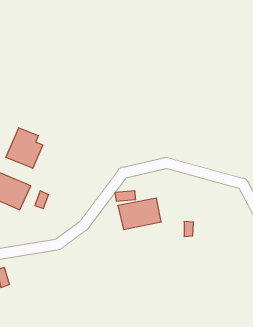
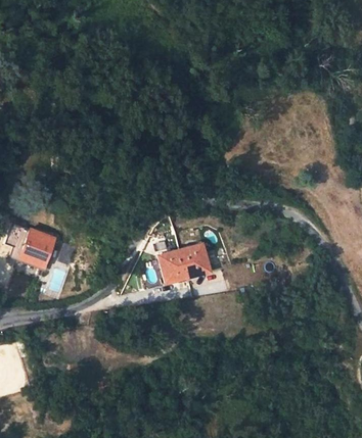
building: [6,128,43,168] -> none

